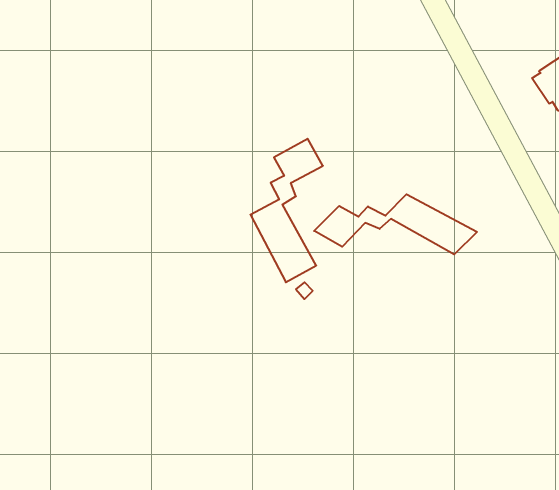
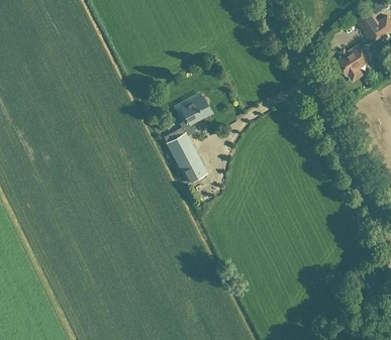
building: [314,194,477,254] -> none

